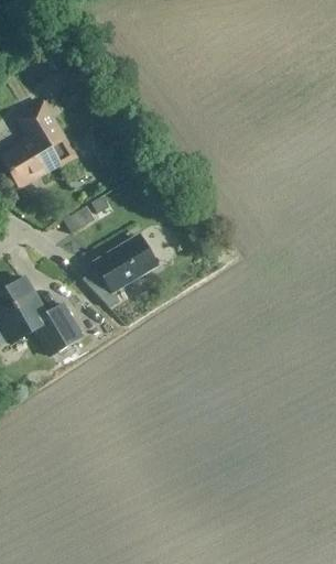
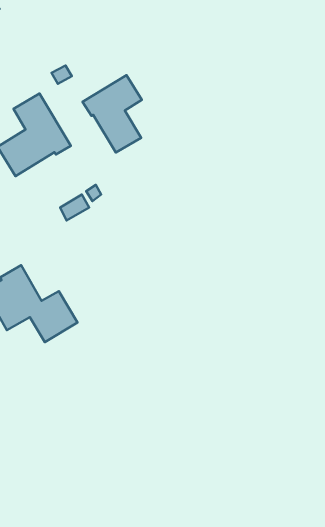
building: none -> [83,75,142,153]
building: [84,235,154,308] -> none

